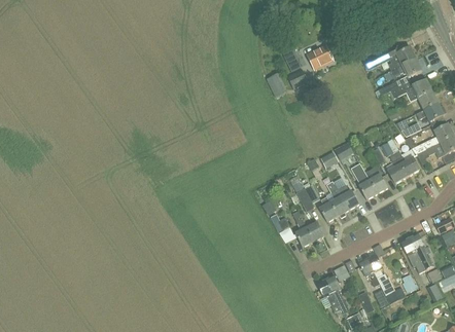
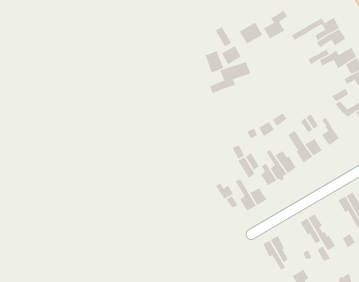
building: none -> [263,10,288,39]
building: none -> [209,61,251,94]
building: [389,141,420,176] -> none

